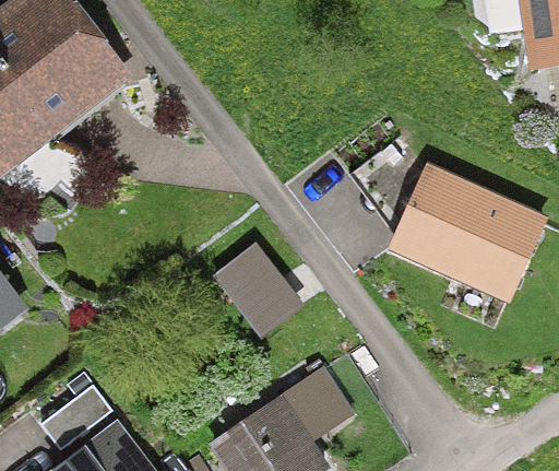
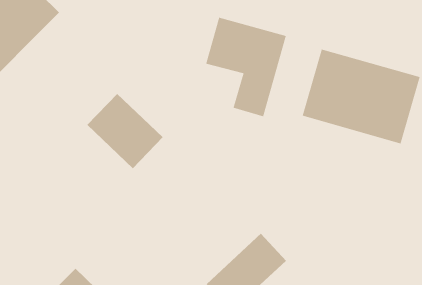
building: none -> [206,17,287,117]
building: [212,244,302,338] -> [86,93,163,169]

